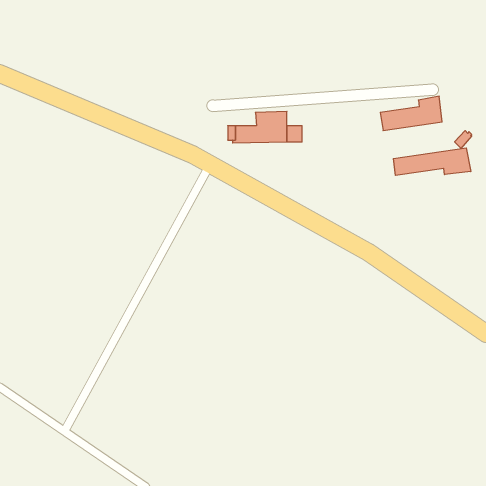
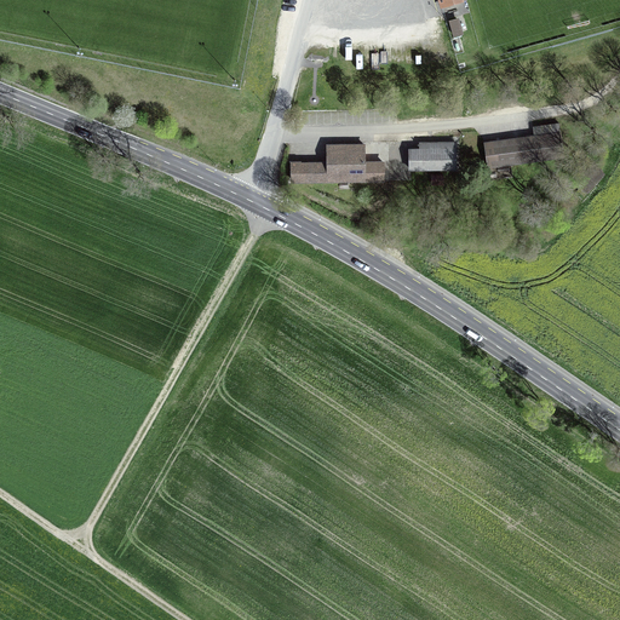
building: none -> [408,144,454,170]
building: [393,148,471,175] -> none

